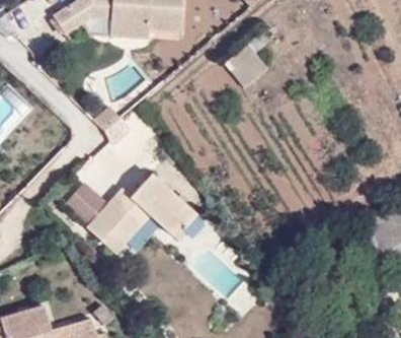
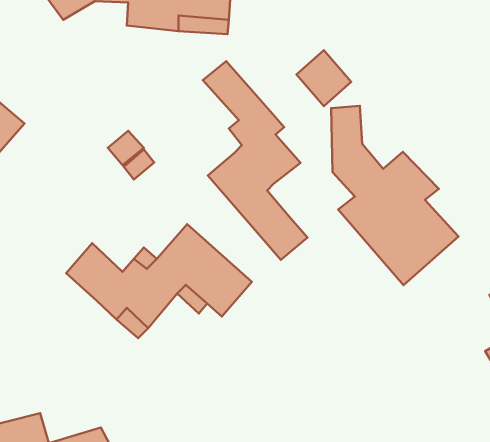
building: none -> [203,61,307,260]
building: none -> [331,106,459,285]

